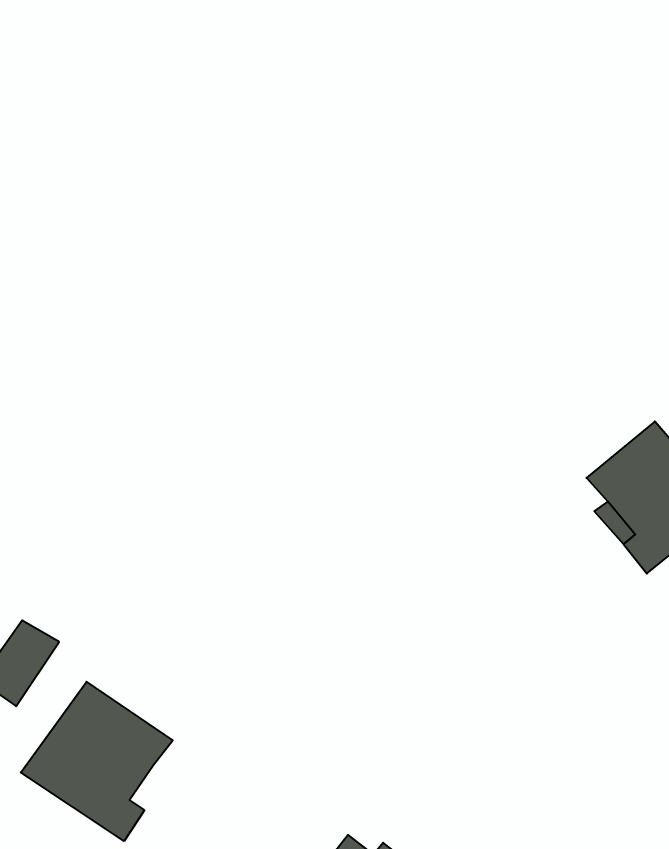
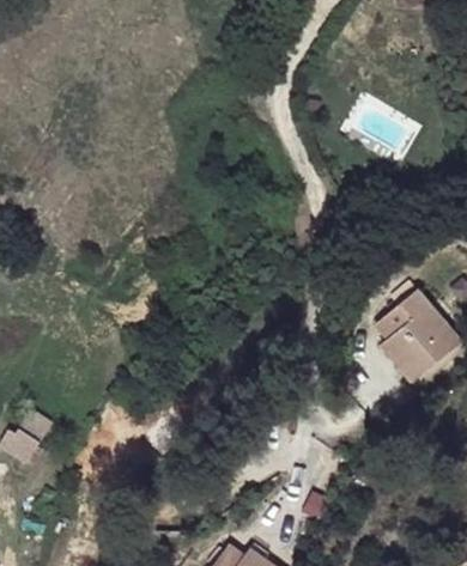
building: [21,682,173,841] -> none

